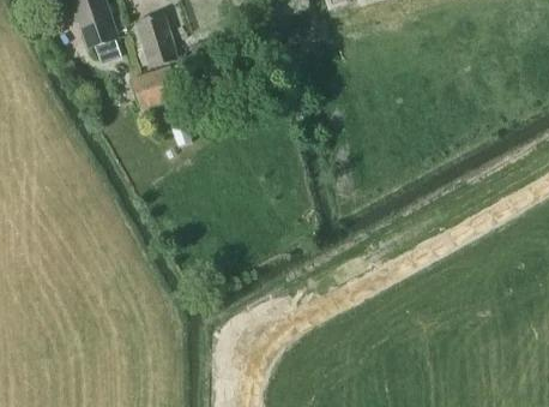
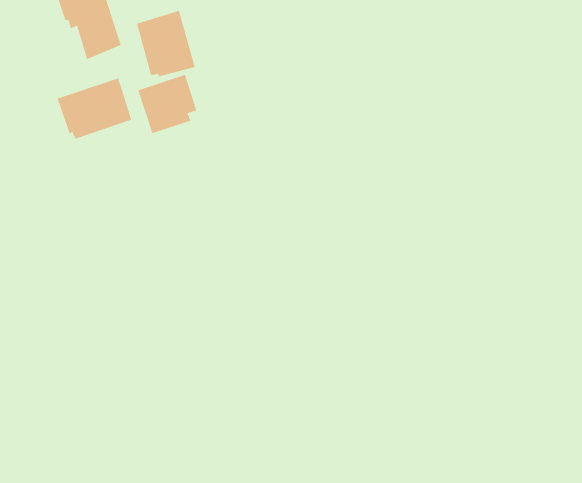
building: none -> [57,77,132,139]

